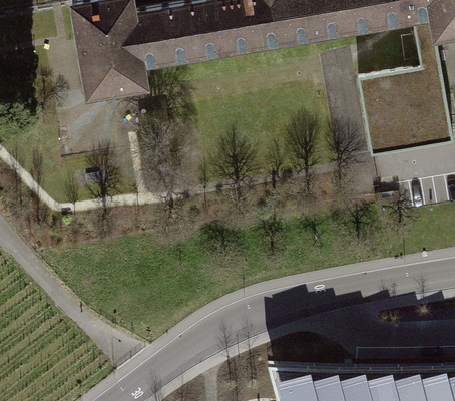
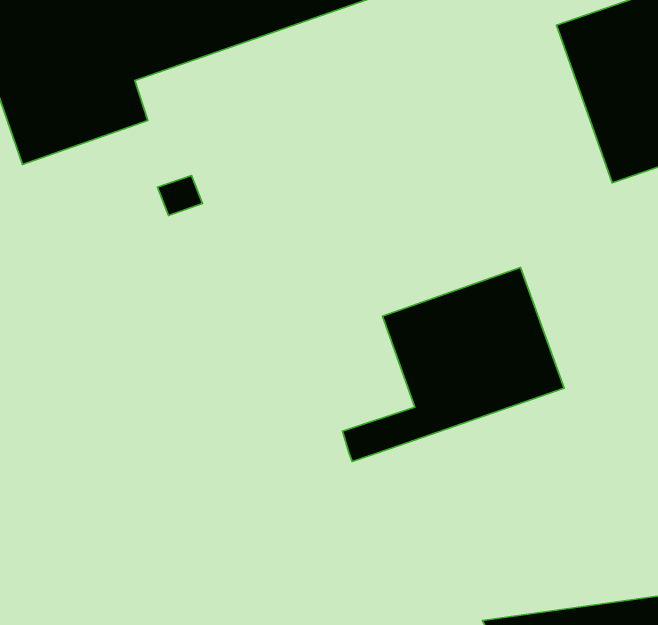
building: none -> [343,268,564,462]

